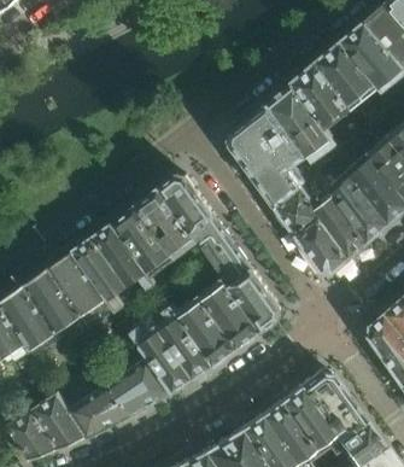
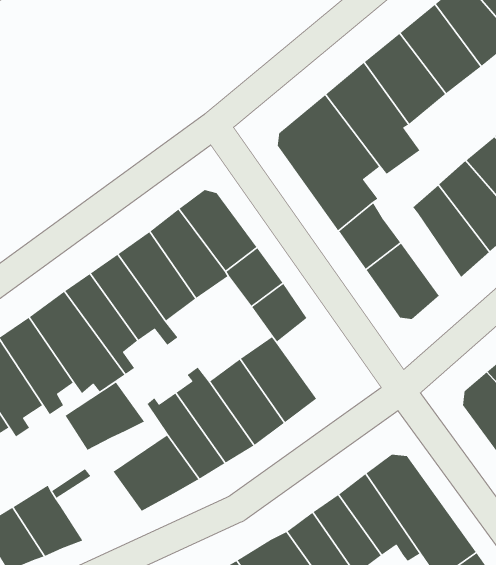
building: [301,173,367,255] -> none
building: [229,272,279,332] -> none
building: [68,386,128,438] -> [65,382,145,451]

